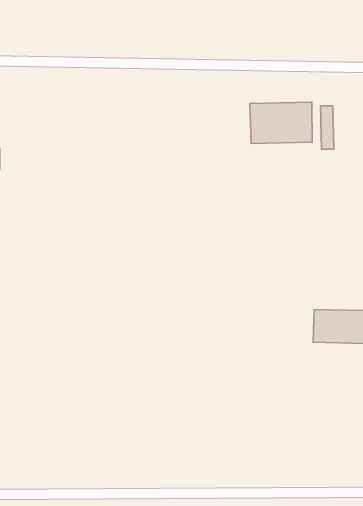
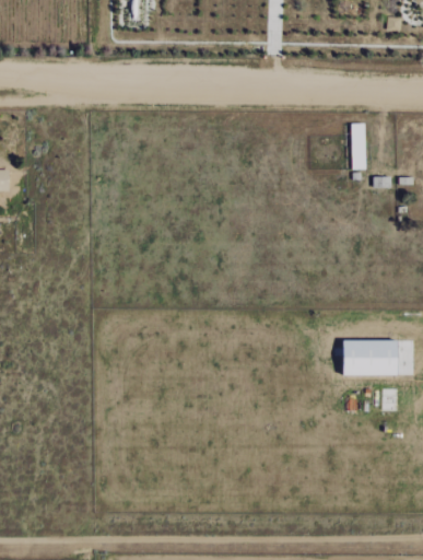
building: [250,102,312,144] -> none

